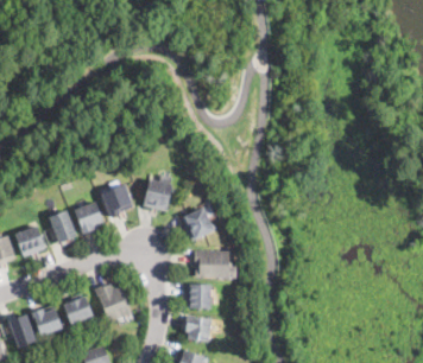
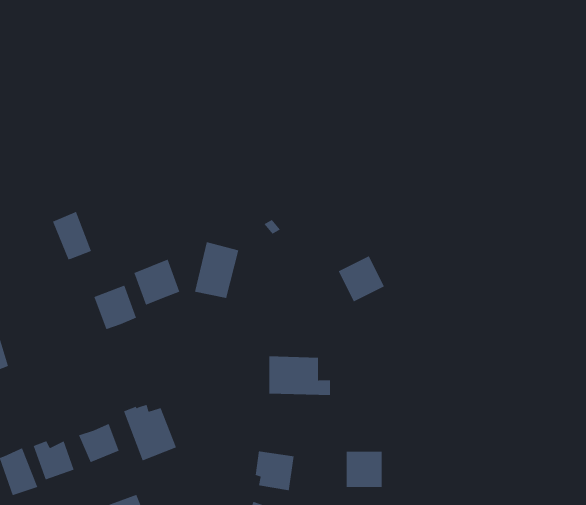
building: [181,208,213,240] -> [338,255,385,302]
building: [49,210,76,243] -> [52,211,92,260]
building: [14,225,45,257] -> none
building: [184,284,209,308] -> [346,451,382,488]

